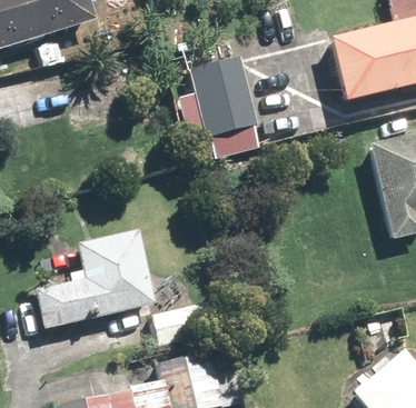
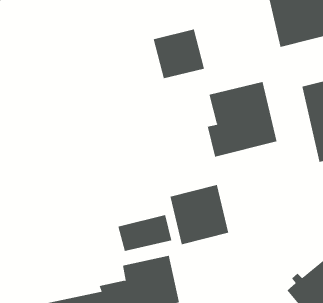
building: none -> [207,81,277,157]
building: [37,229,158,329] -> none
building: none -> [170,184,229,245]

